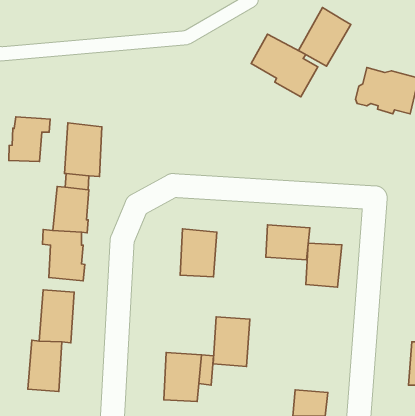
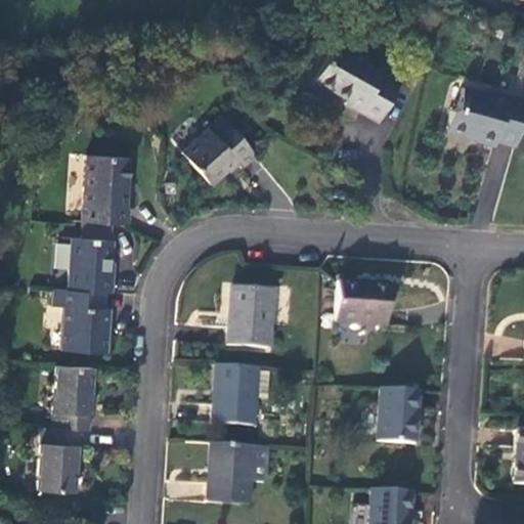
building: [298,8,351,66] -> none
building: none -> [182,117,257,184]
building: [9,117,50,161] -> none
building: [306,243,342,287] -> [377,390,422,445]
building: [213,317,250,366] -> [213,364,259,427]

